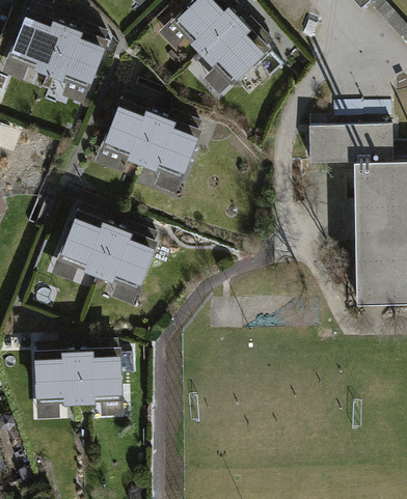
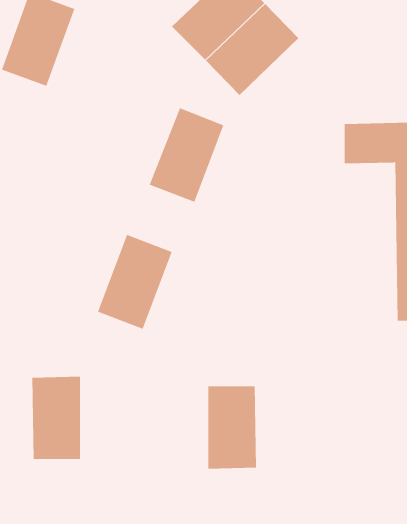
building: [46,23,111,106] -> none
building: [97,94,162,178] -> none
building: [50,207,116,290] -> none
building: [76,348,119,421] -> [207,386,257,469]

